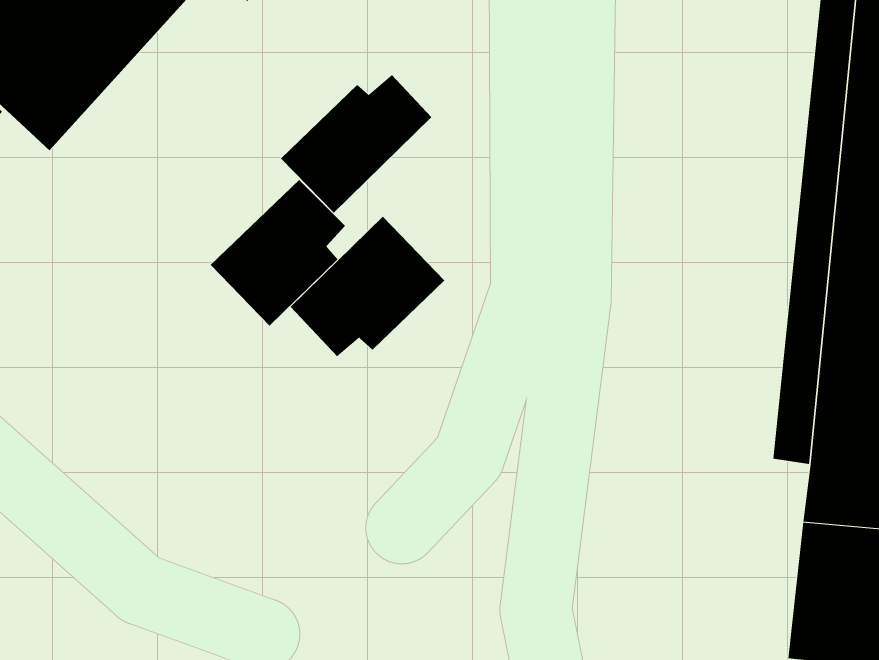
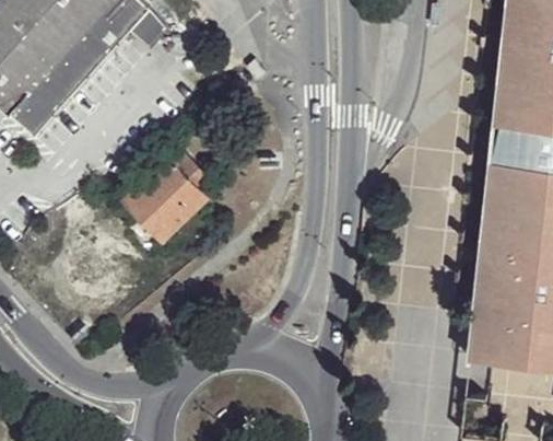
building: [280,74,432,214] -> none
building: [290,216,445,357] -> none

